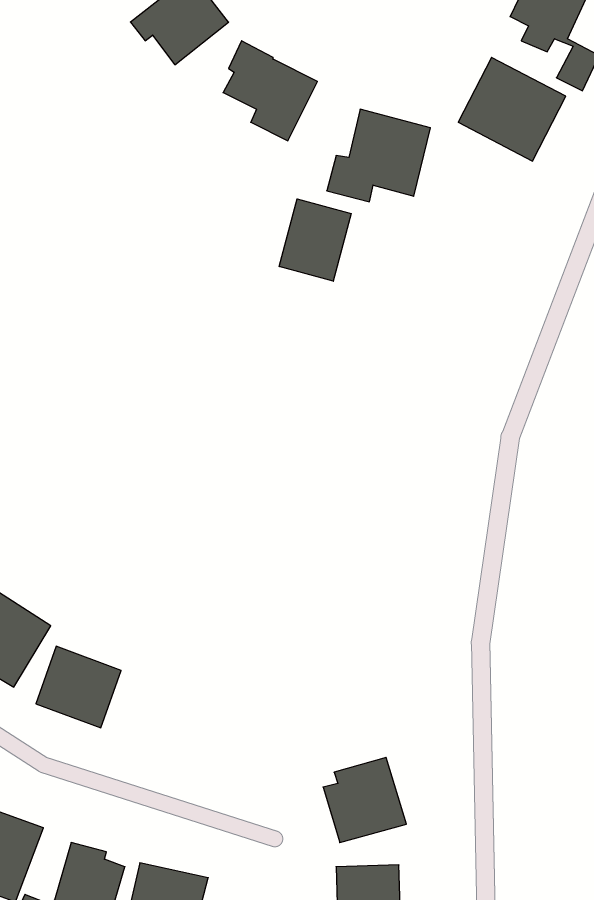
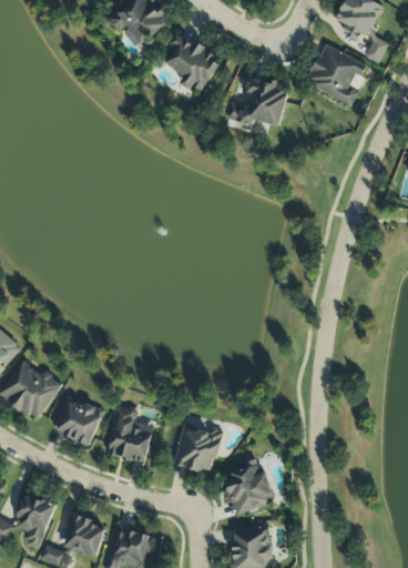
building: [279,199,351,281] -> none
building: none -> [106,405,153,463]
building: none -> [174,425,222,474]

